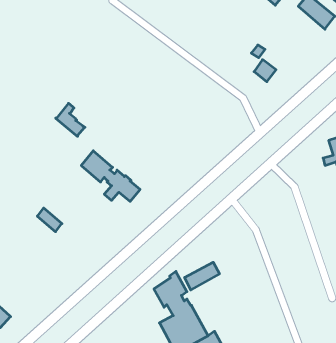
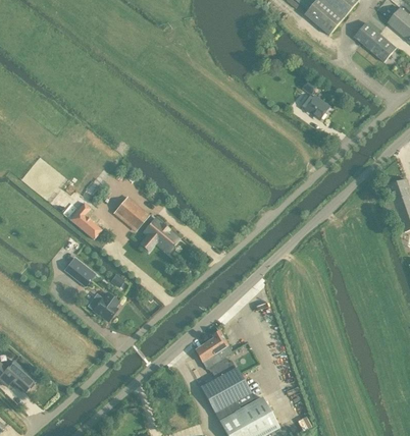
building: [56,103,85,136] -> [68,202,101,238]
building: none -> [92,292,118,320]
building: [185,262,219,290] -> none

